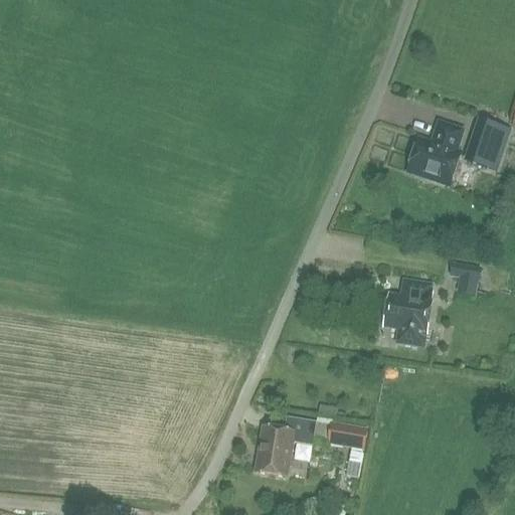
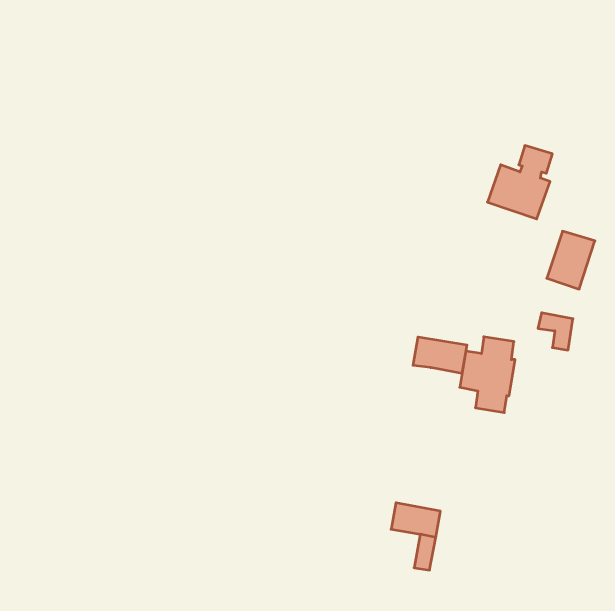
building: [466,119,506,167] -> [547,231,595,289]
building: none -> [413,337,467,374]
building: [255,415,317,476] -> none

